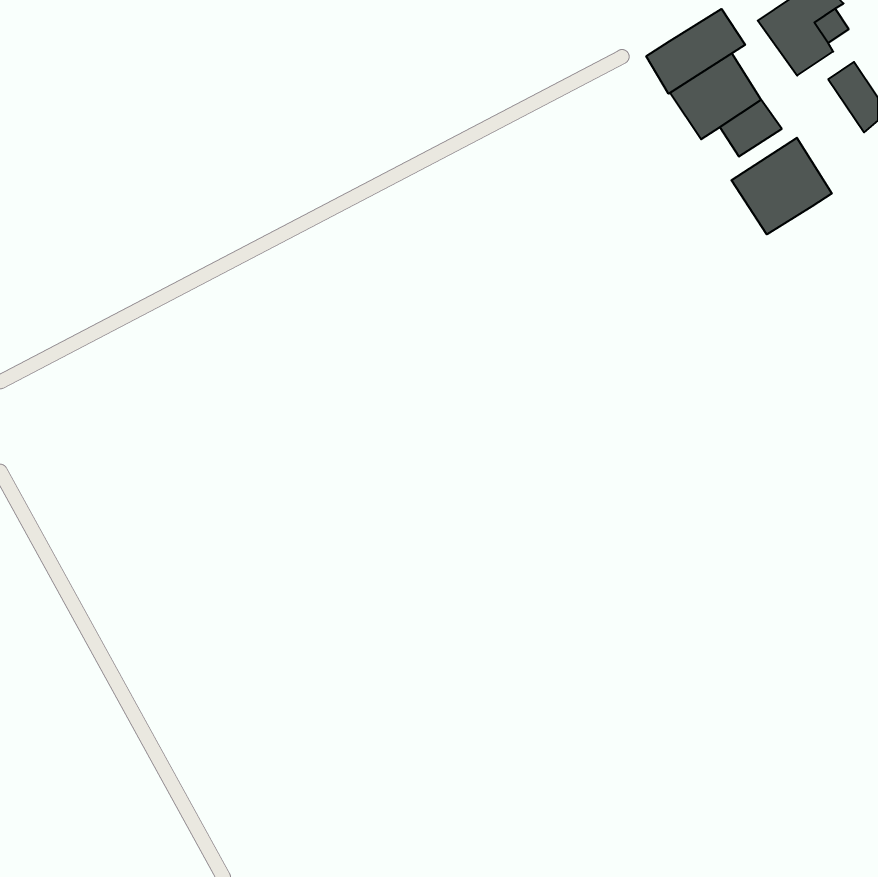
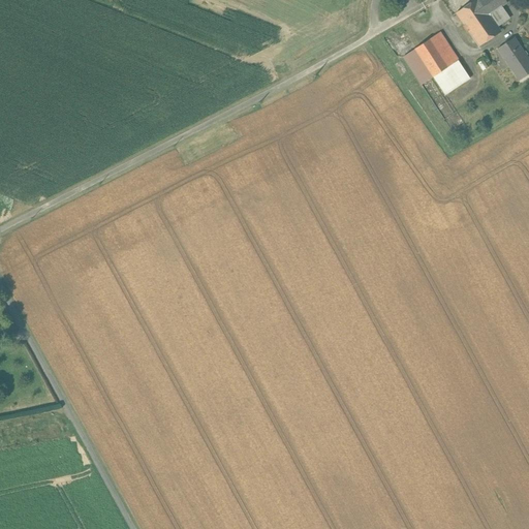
building: [646,9,745,94] -> none
building: [731,138,832,234] -> none

